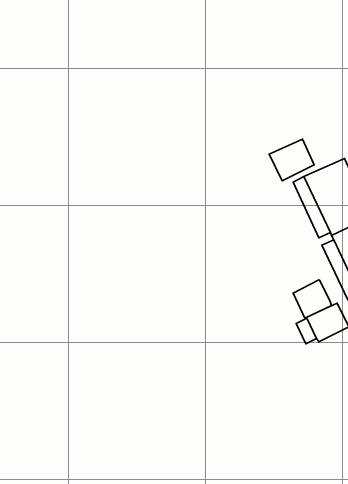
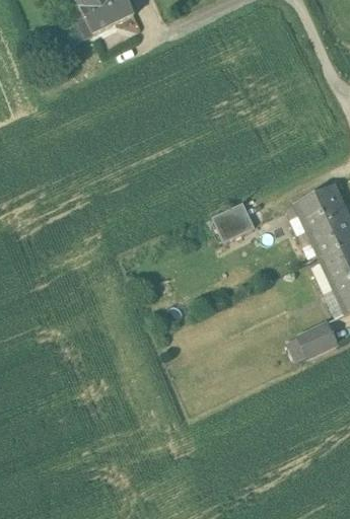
building: [269,139,314,181] -> [214,201,257,240]
building: [293,280,332,318] -> none

